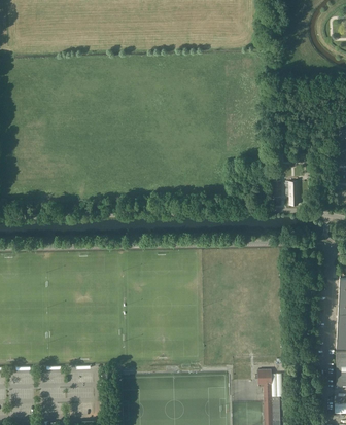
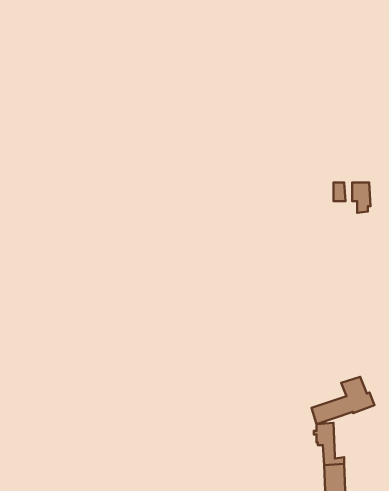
building: none -> [311,377,375,424]

